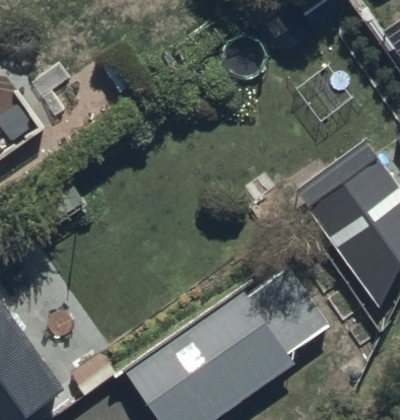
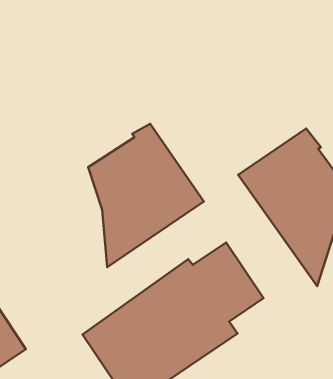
building: none -> [88,124,204,267]

